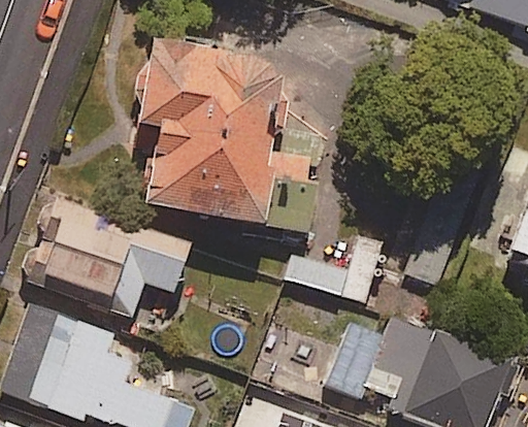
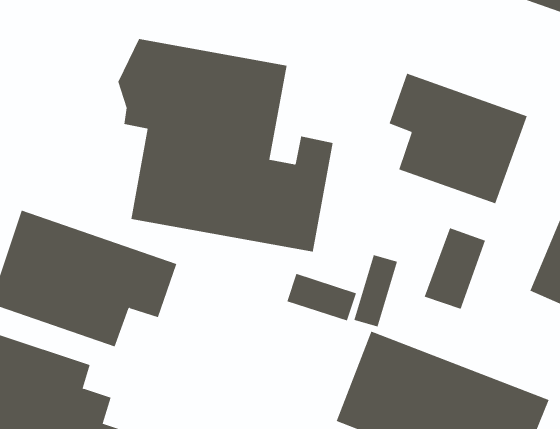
building: none -> [389,73,528,204]

